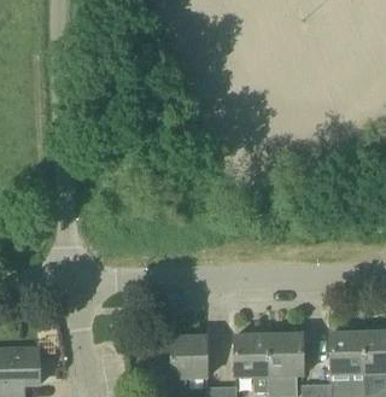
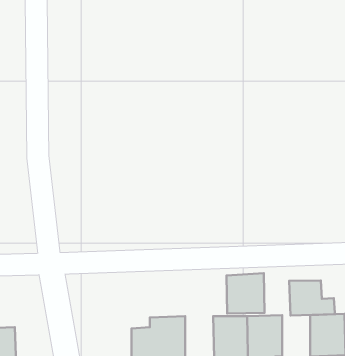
building: none -> [226,273,265,314]
building: none -> [289,280,335,315]

